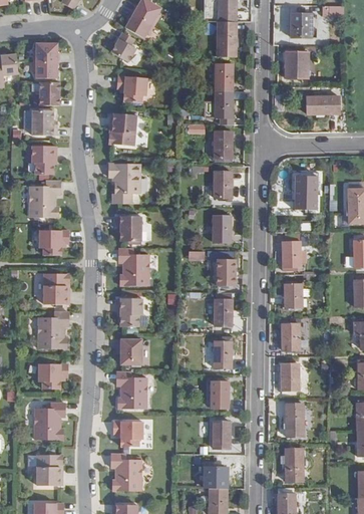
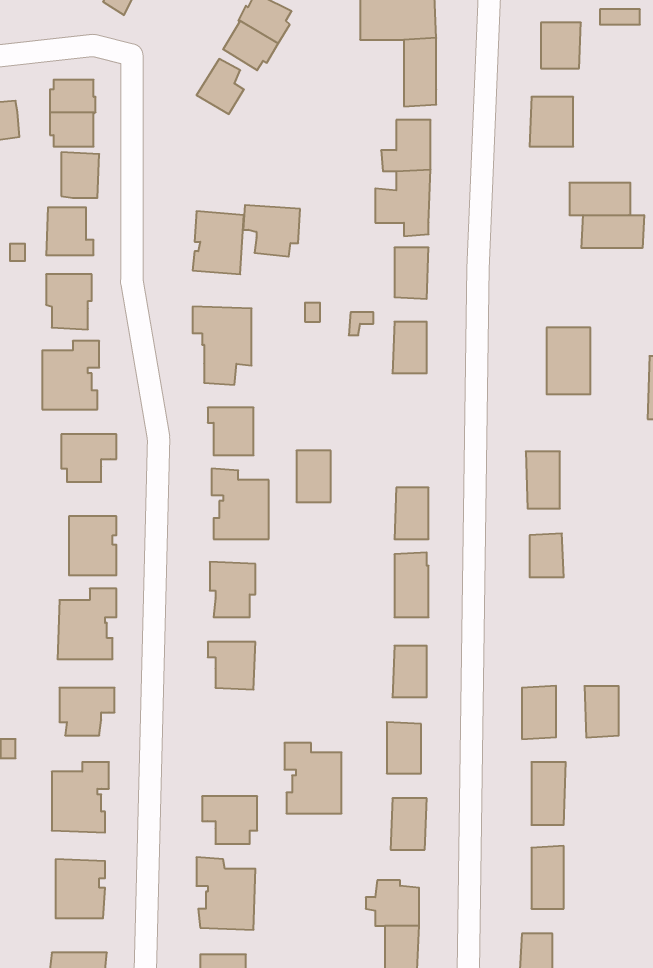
building: [116,75,146,102] -> [243,205,300,257]
building: none -> [581,215,644,248]
building: [214,215,232,242] -> [296,451,331,502]
building: [283,322,301,349] -> [584,686,619,738]
building: [116,371,146,409] -> [284,743,342,813]

